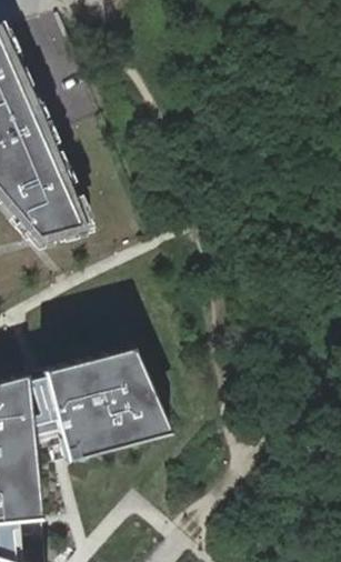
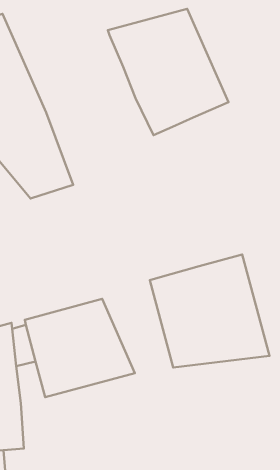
building: none -> [108,9,228,135]
building: none -> [150,255,270,367]

